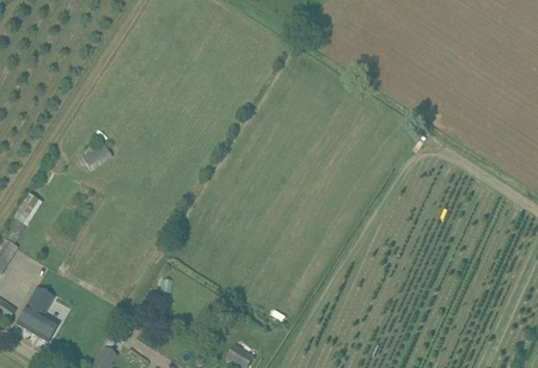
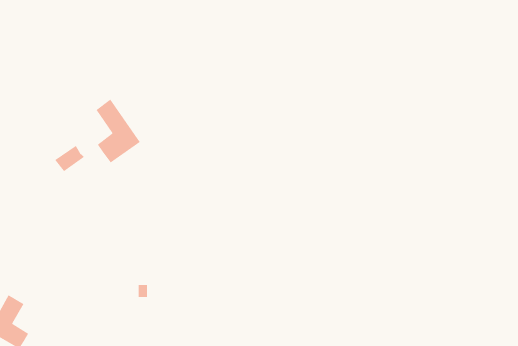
building: none -> [96,99,141,163]

